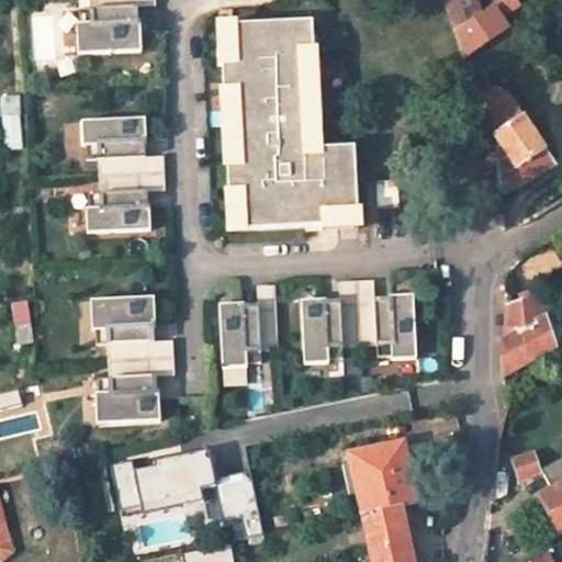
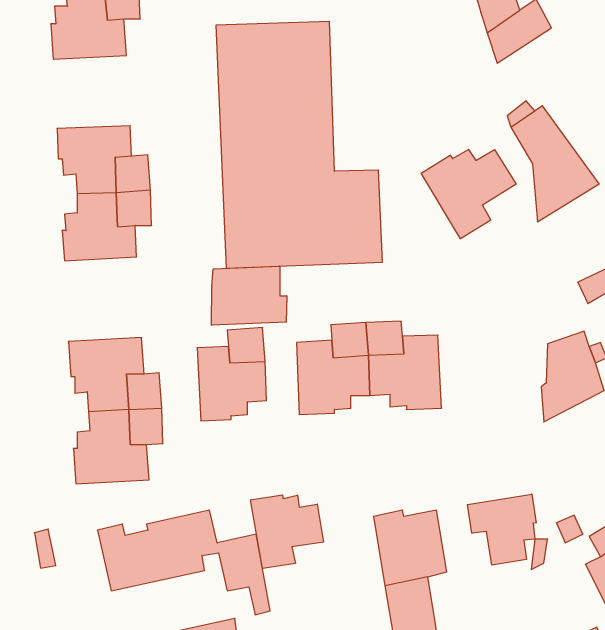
building: none -> [421,149,516,239]
building: none -> [212,266,287,325]
building: none -> [467,494,536,565]
building: none -> [251,495,324,569]

